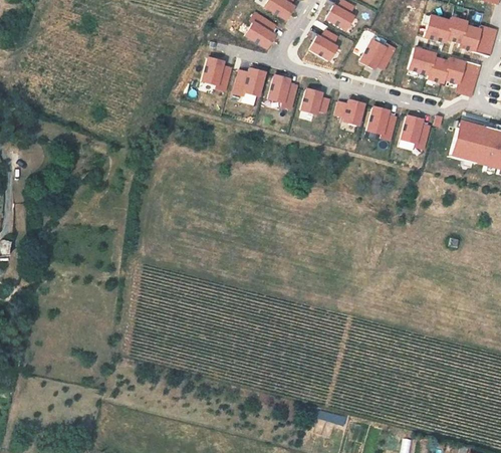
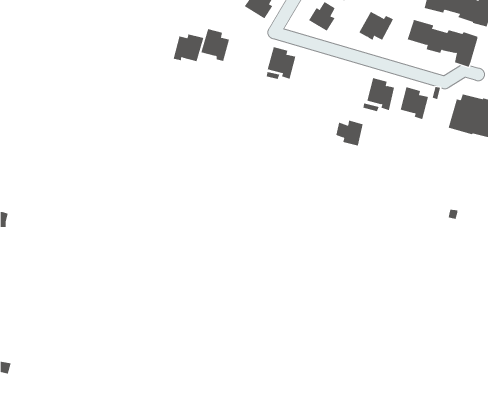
building: [235,67,266,95] -> [173,34,204,62]
building: [301,87,330,114] -> none
building: [336,98,364,125] -> [335,120,364,146]

